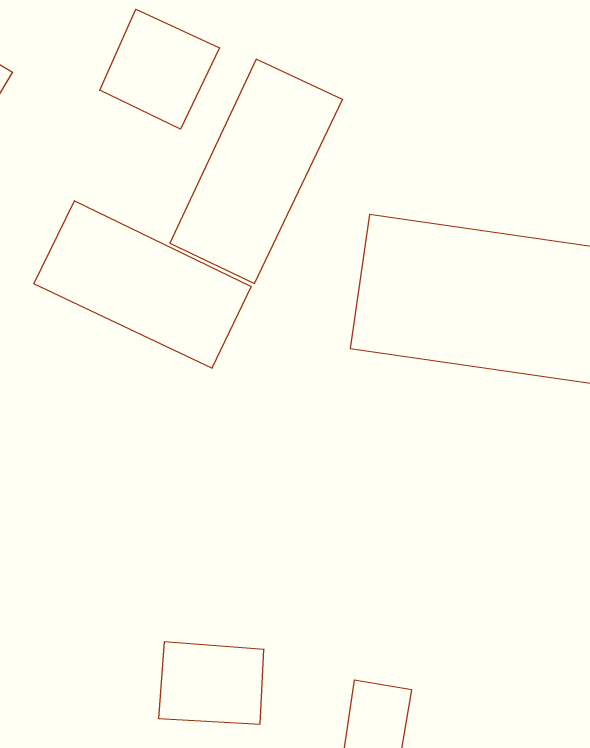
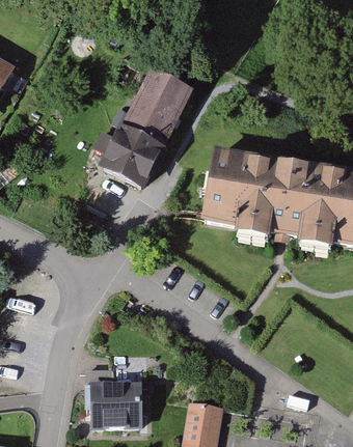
building: [100,9,219,129] -> none
building: [34,201,251,368] -> none

